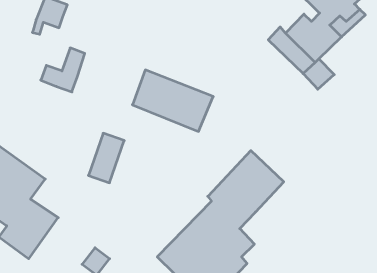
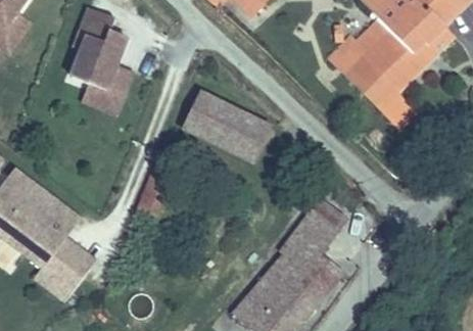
building: none -> [72,36,126,96]
building: none -> [304,253,345,311]

